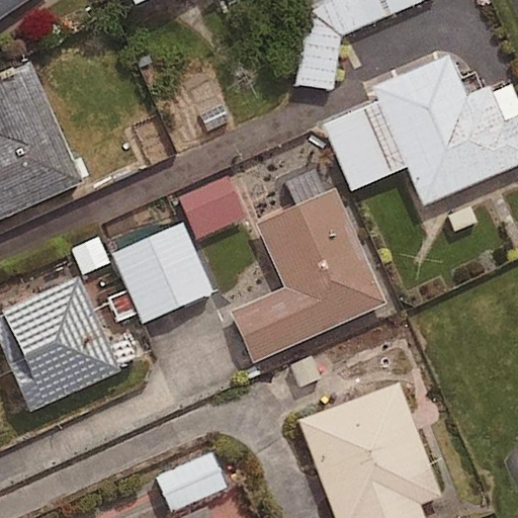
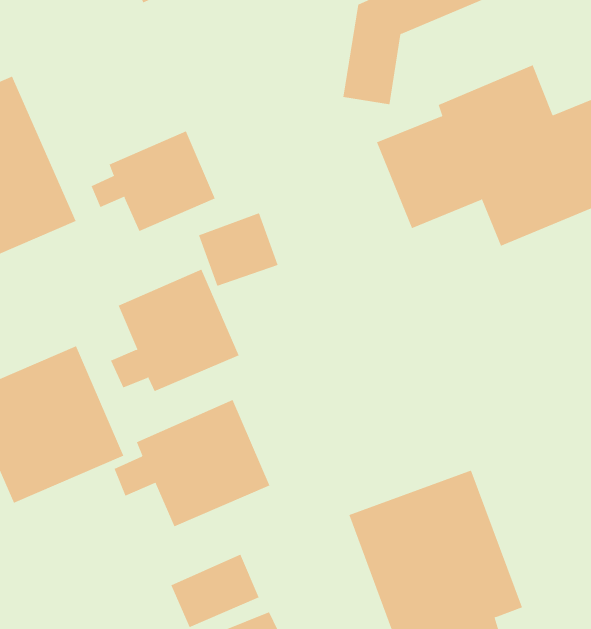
building: none -> [91,130,216,232]
building: [231,192,381,360] -> none
building: none -> [114,399,270,527]

